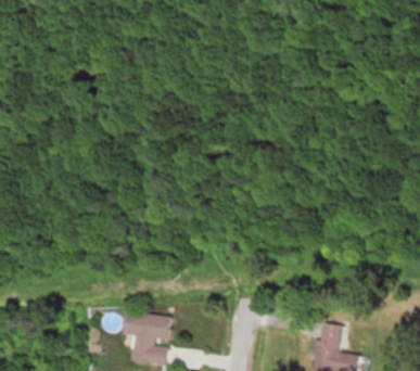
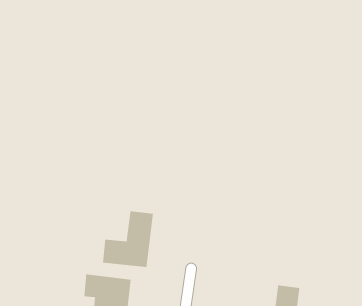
building: none -> [102,210,154,268]

